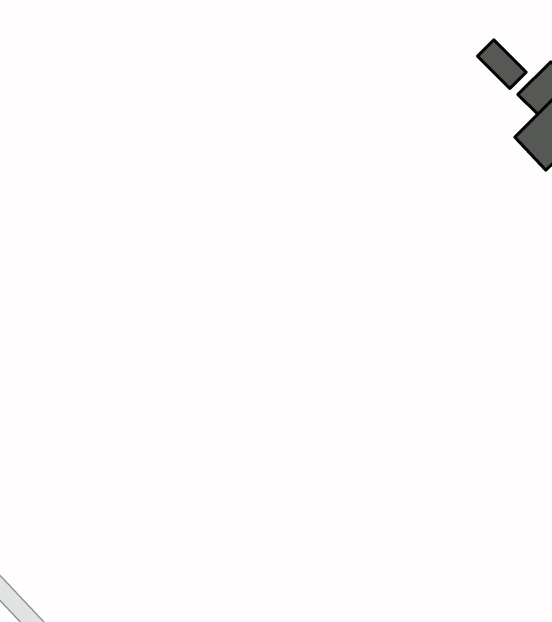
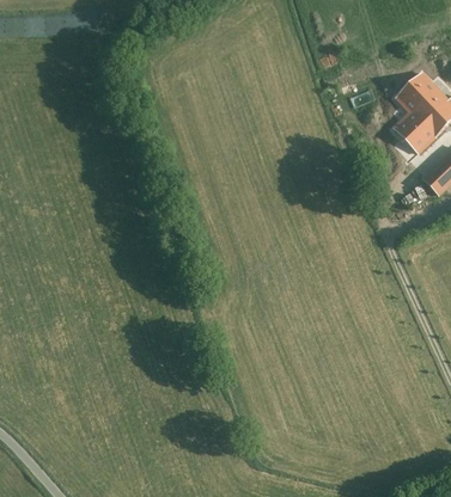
building: [478,40,526,89] -> none

